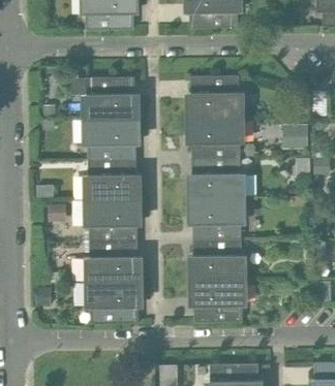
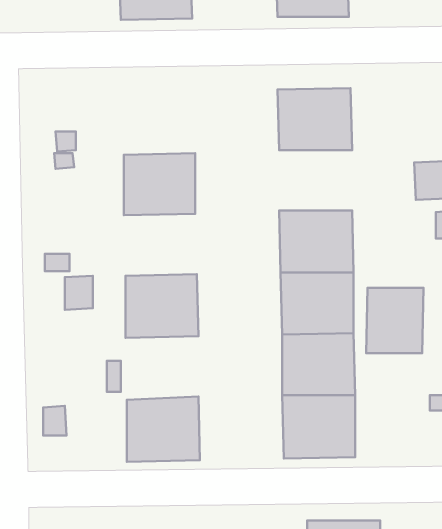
building: [87,77,135,120] -> none
building: [191,117,240,157] -> none
building: [88,159,136,200] -> none
building: none -> [366,288,423,353]
building: [89,240,138,283] -> none

